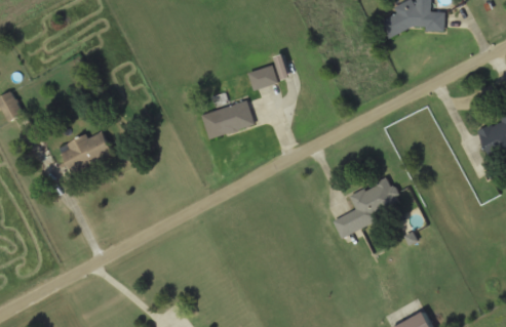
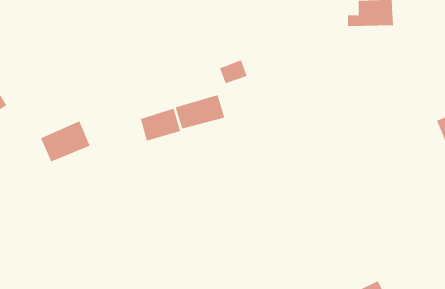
building: none -> [140,108,181,141]
building: [334,177,402,236] -> none

